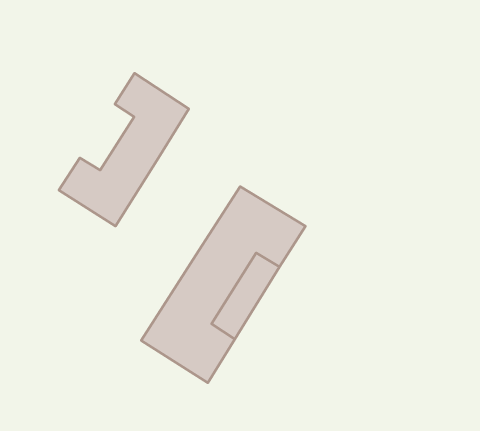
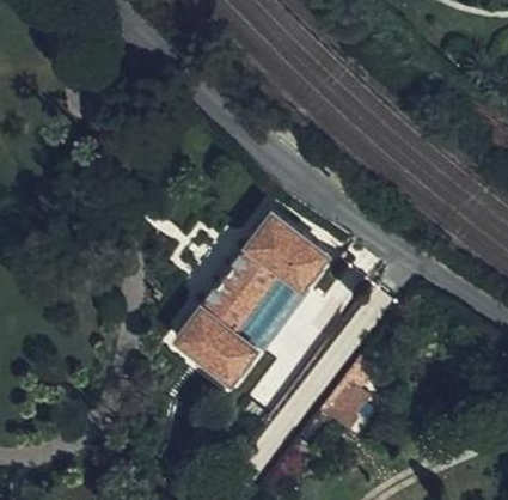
building: [59,73,189,226] -> none

